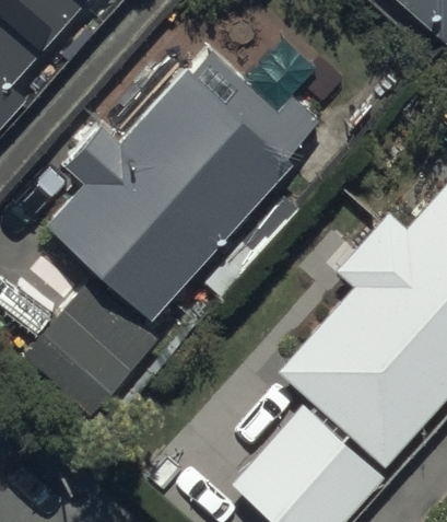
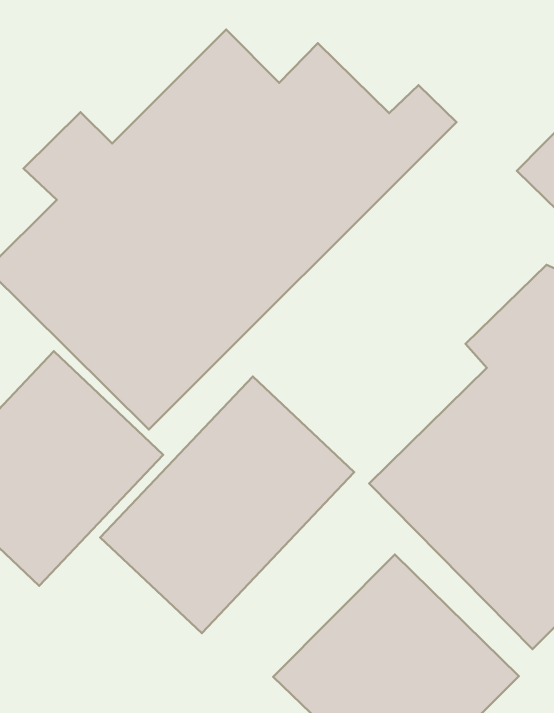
building: none -> [100,376,354,633]

